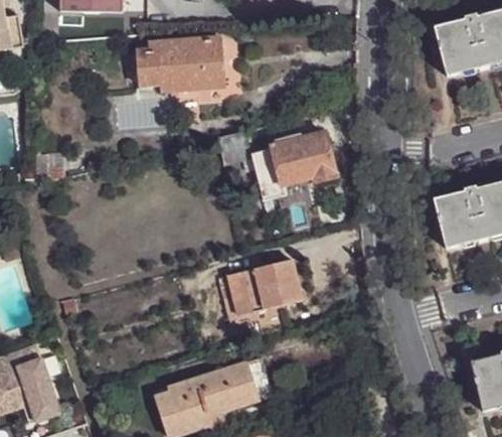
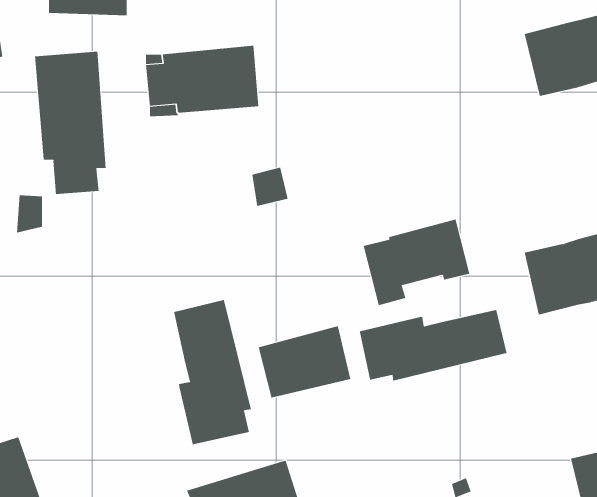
building: none -> [34,51,106,195]
building: [253,132,337,200] -> [363,219,470,306]
building: none -> [173,299,252,445]
building: none -> [359,309,507,382]

